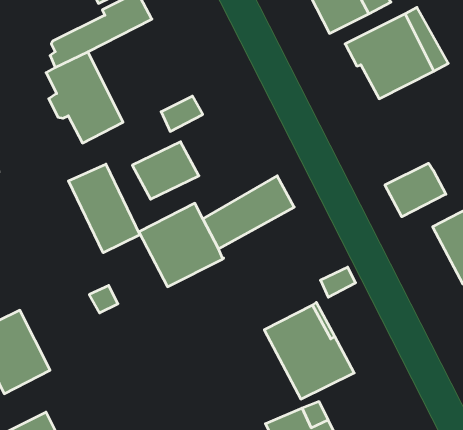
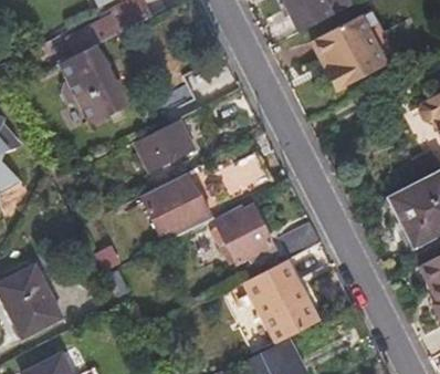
building: [385,163,446,217] -> none
building: [68,164,140,253] -> none
building: none -> [210,200,271,264]

